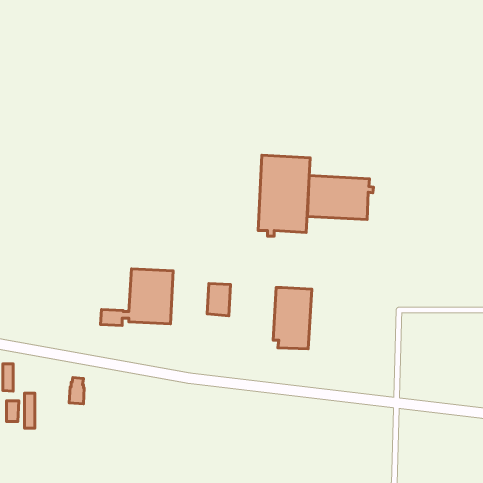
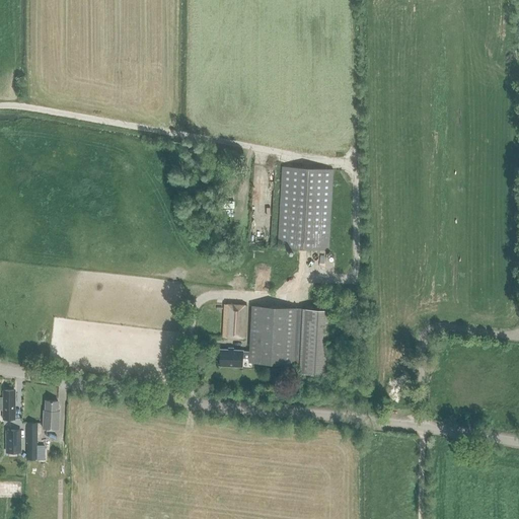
building: [307,176,373,219] -> none
building: [100,269,173,326] -> [218,306,296,367]
building: [69,377,84,404] -> [43,400,59,429]

